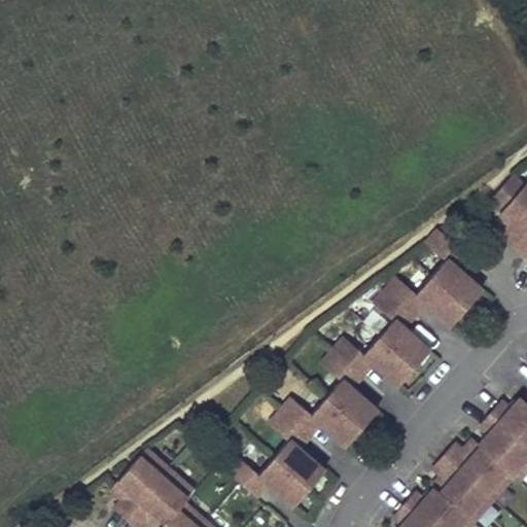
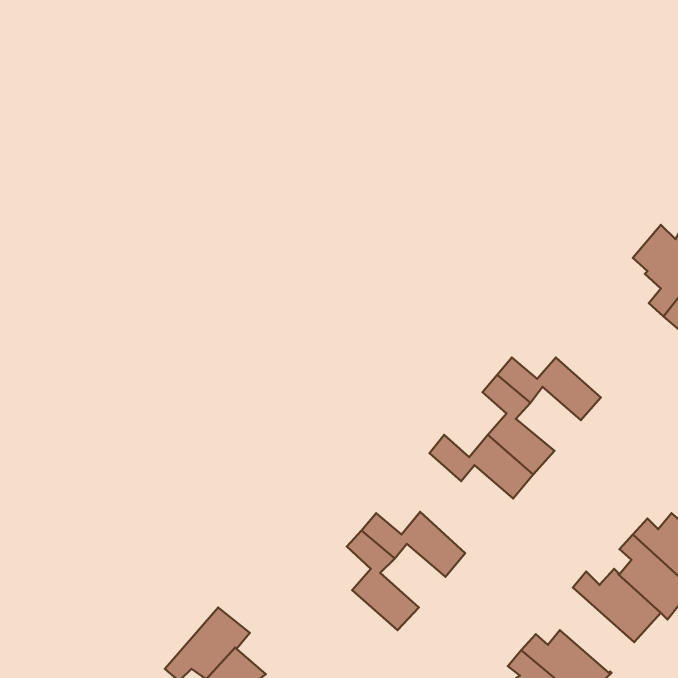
building: [427,231,483,309] -> none
building: [322,352,378,429] -> none
building: [113,450,170,519] -> none
building: [434,456,492,522] -> none
building: [227,458,309,507] -> none

